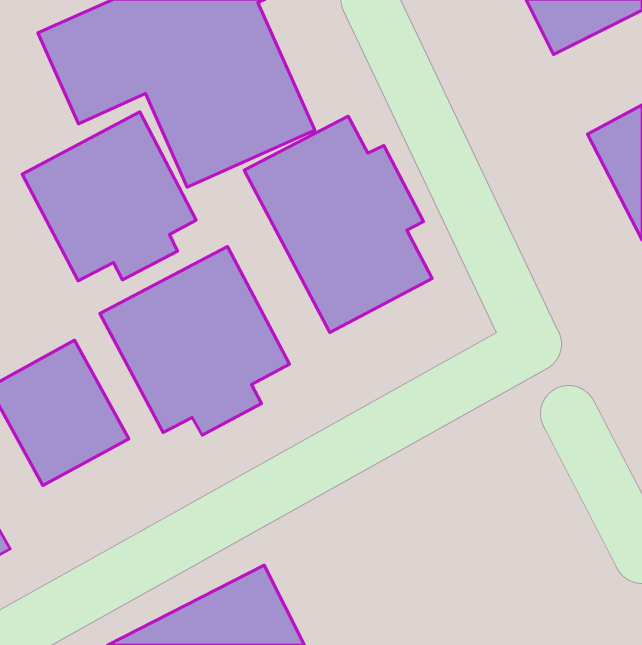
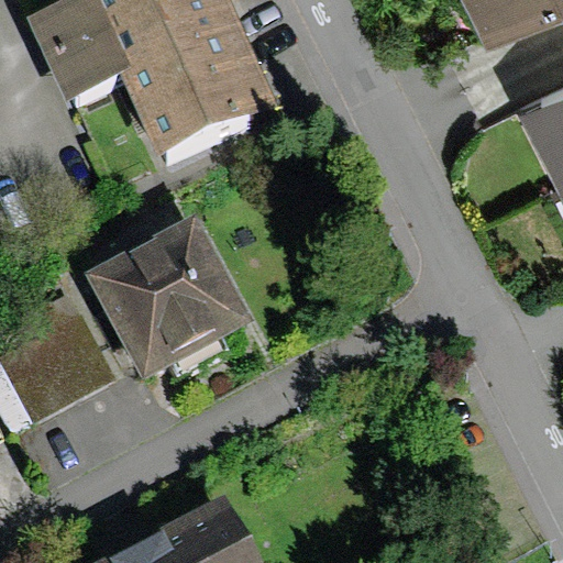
building: [22,112,196,281] -> none
building: [244,116,432,333] -> none

